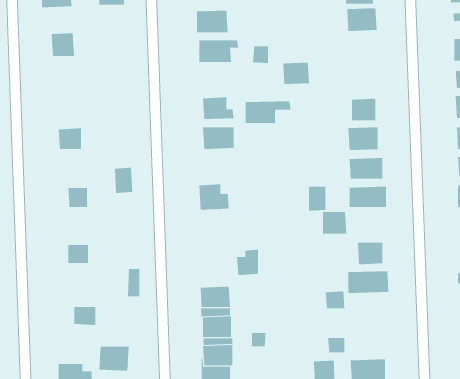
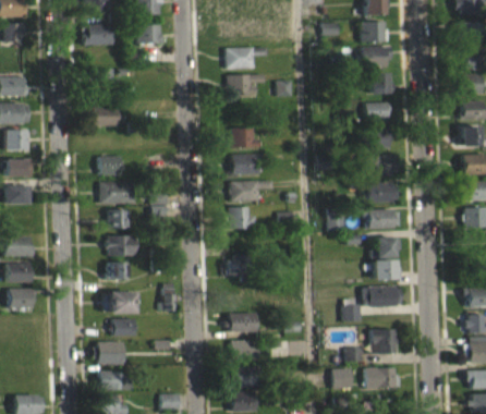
building: none -> [369,72,390,94]
building: [282,62,310,85] -> [366,101,391,122]
building: none -> [90,106,116,125]
building: [245,101,291,123] -> [231,180,274,200]
building: none -> [99,181,135,204]
building: [322,212,347,234] -> [376,236,399,257]
building: none -> [108,234,135,255]
building: [236,249,259,275] -> [227,253,247,277]
building: none -> [108,291,136,314]
building: none -> [372,329,396,353]
building: [99,346,130,371] -> [97,341,125,364]

